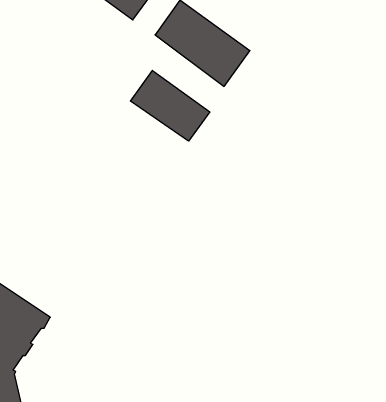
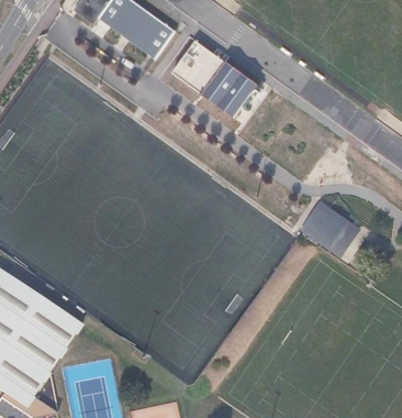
building: [130,70,210,141] -> none
building: none -> [304,205,357,252]

